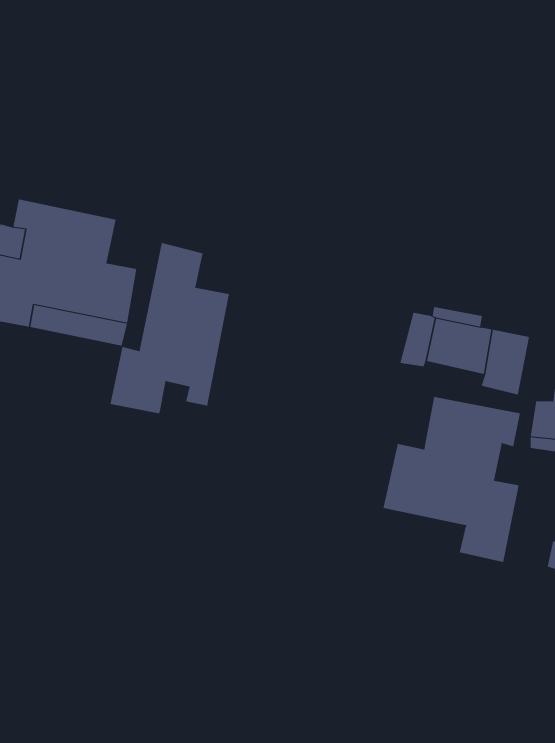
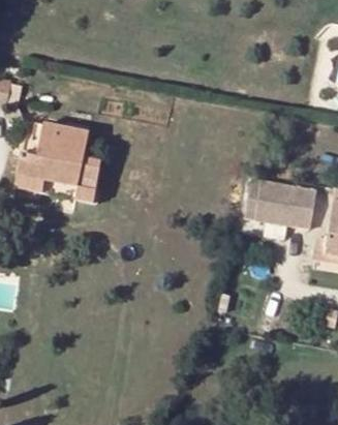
building: [110,242,230,414] -> none
building: [383,396,520,563] -> none

